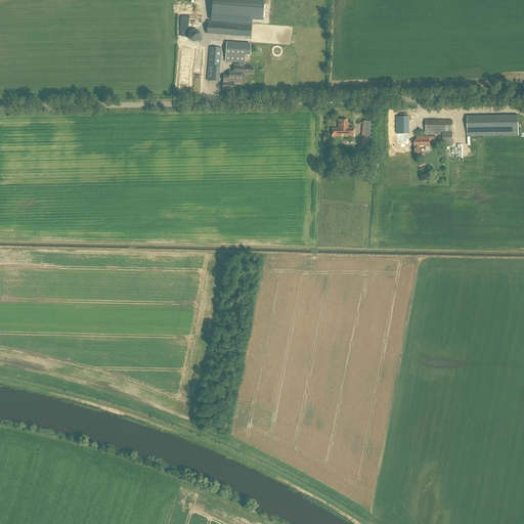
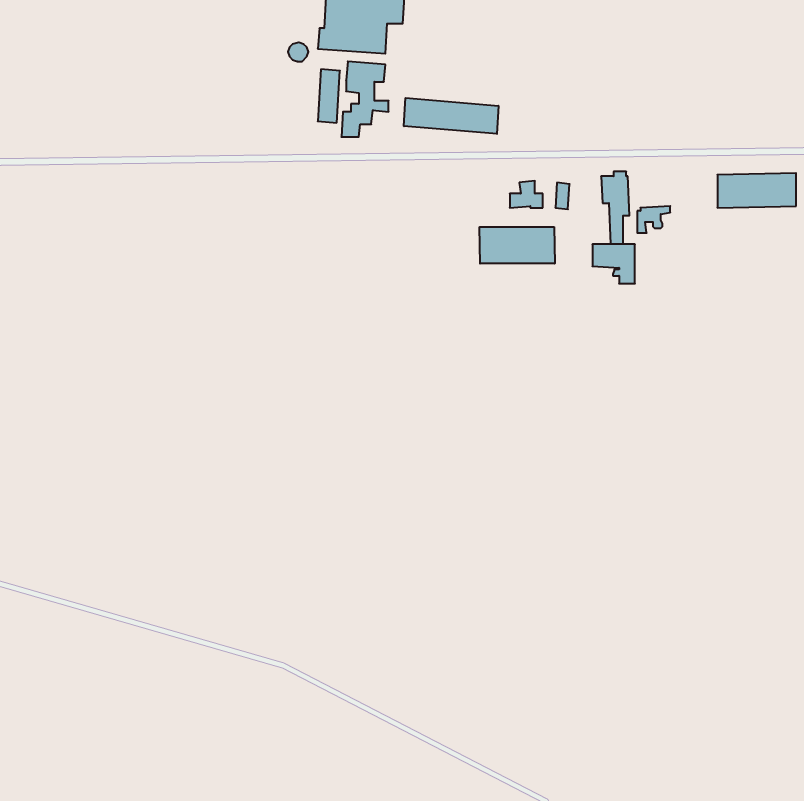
building: none -> [404,98,498,134]
building: [425,118,452,143] -> [592,244,635,284]
building: none -> [480,227,555,264]

